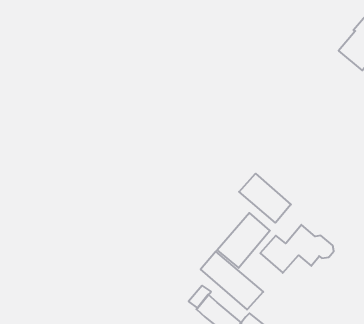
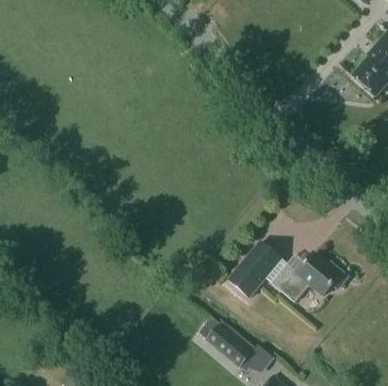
building: [239,174,291,223] -> none
building: [201,251,263,310] -> none

